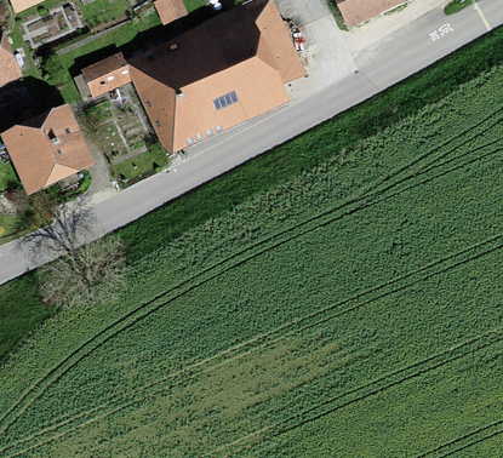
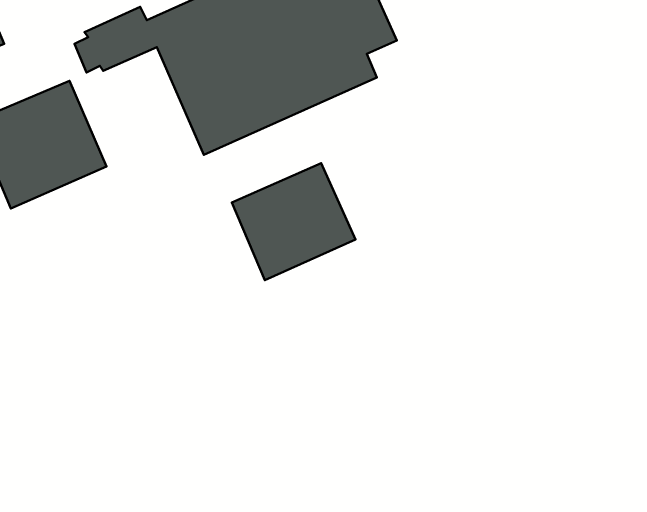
building: none -> [232,163,355,280]

